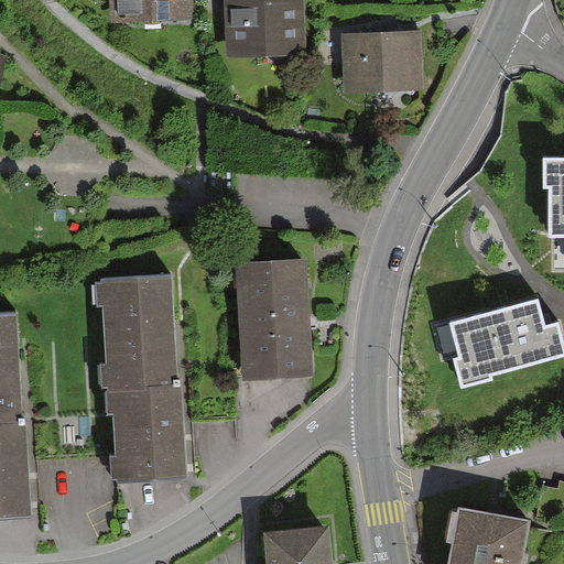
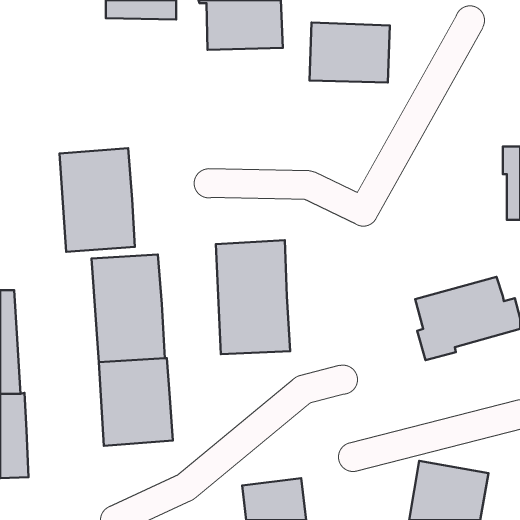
building: none -> [59,148,135,252]

